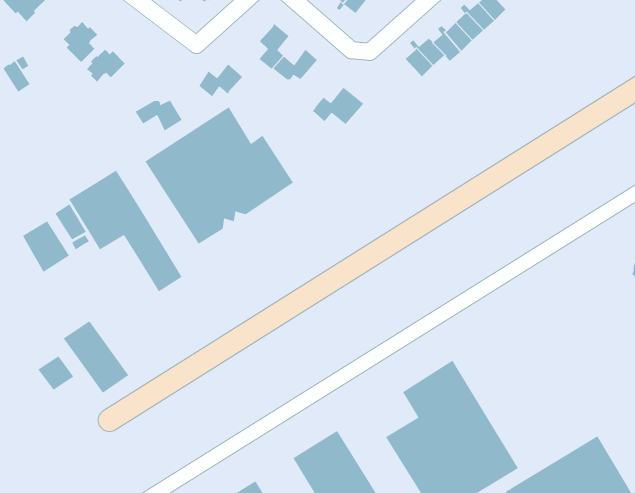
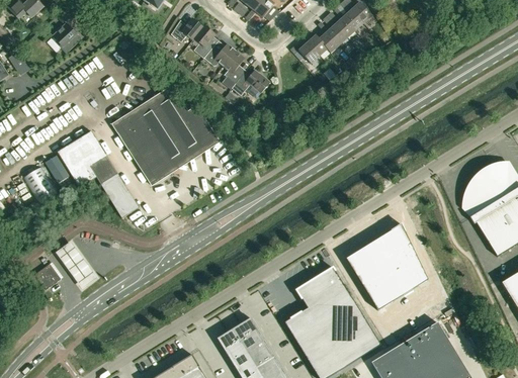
building: [86,49,126,82] -> none
building: none -> [224,52,245,84]
building: [198,63,243,97] -> [171,18,203,42]
building: [135,100,182,132] -> none
building: none -> [347,226,429,313]

